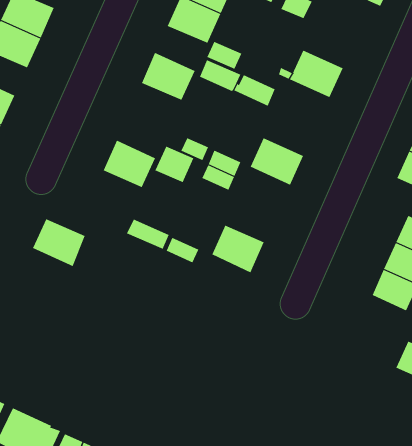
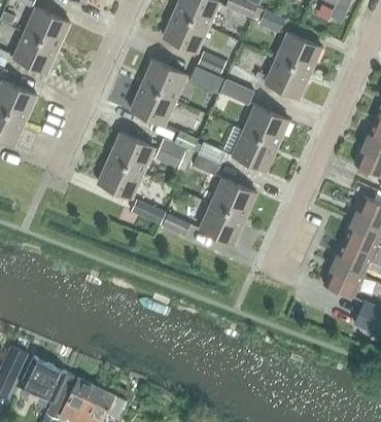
building: none -> [276,32,321,73]
building: none -> [130,85,175,126]
building: none -> [243,105,288,146]
building: none -> [211,178,255,218]
building: [32,219,85,267] -> [98,159,142,199]
building: none -> [323,262,362,298]

